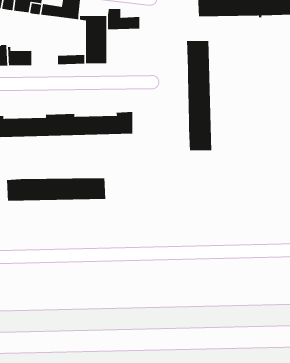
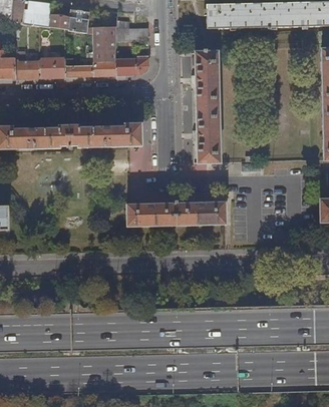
building: none -> [116,57,150,75]
building: none -> [41,58,66,77]
building: [6,177,106,201] -> [127,201,228,226]

